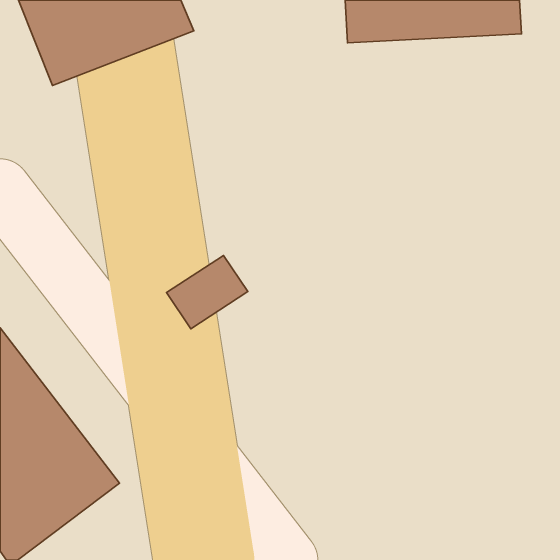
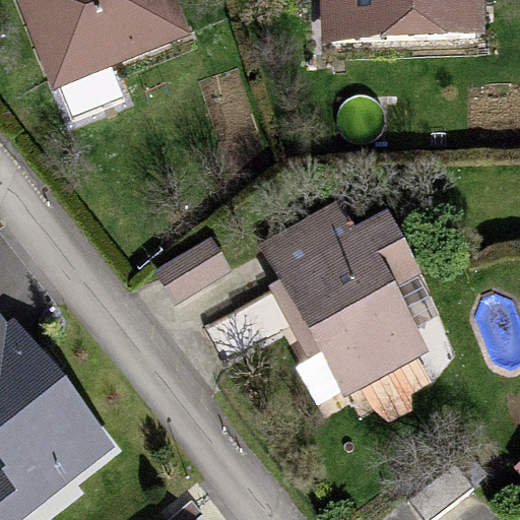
building: none -> [264,210,440,399]

